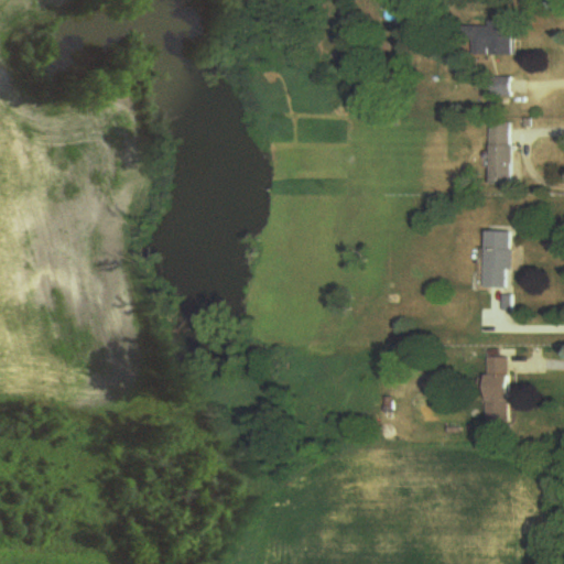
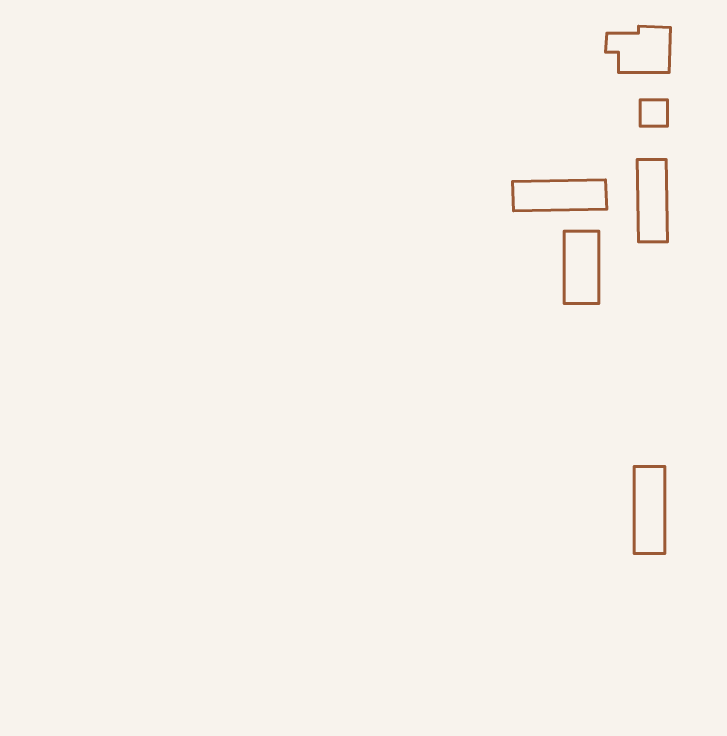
building: none -> [512,180,607,211]
building: [481,230,508,285] -> [564,231,599,304]

